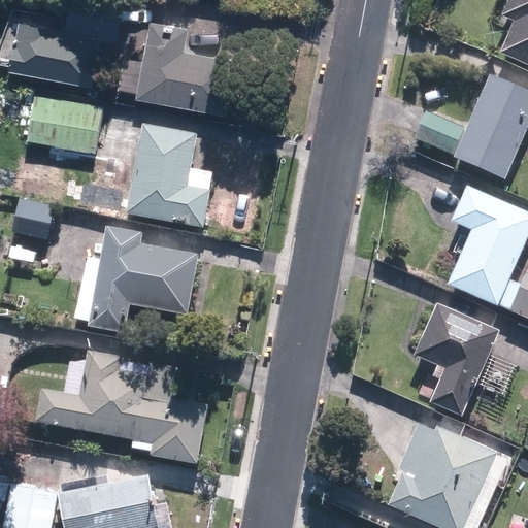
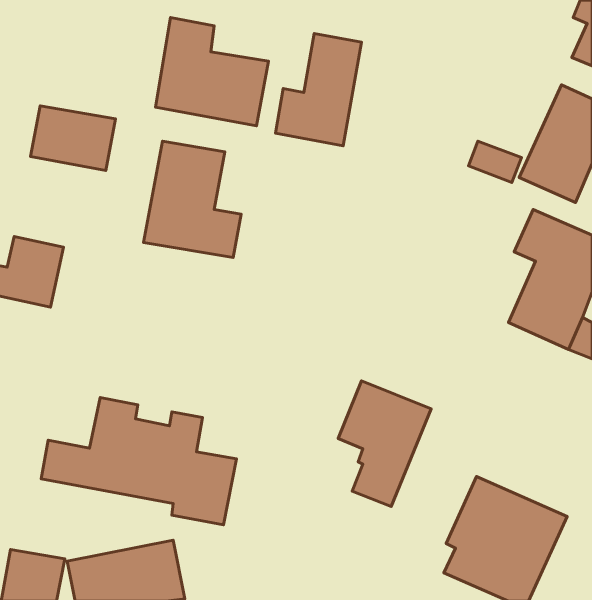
building: [8,18,99,85] -> none
building: none -> [276,33,361,146]
building: [89,225,199,332] -> none
building: [416,305,497,416] -> [338,381,431,507]

